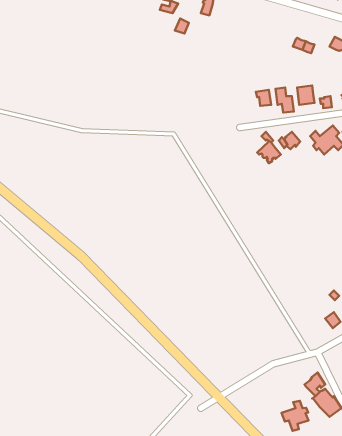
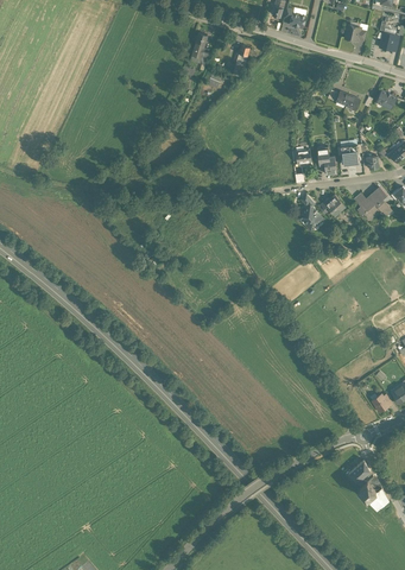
building: [281,401,308,431] -> none

